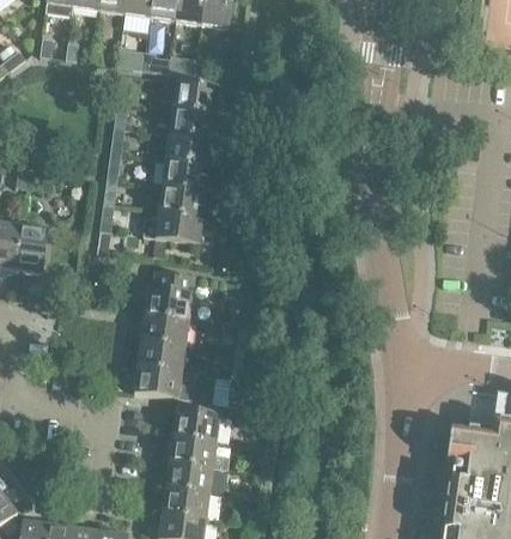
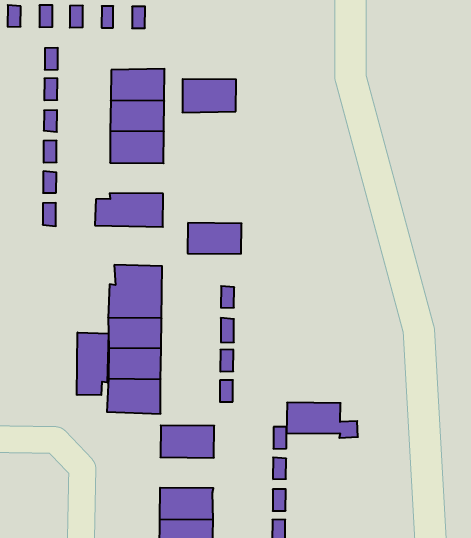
building: [172,81,220,114] -> [182,79,236,112]
building: [158,186,206,217] -> [188,223,242,254]
building: none -> [77,332,109,395]
building: [169,435,229,471] -> [287,403,358,438]

